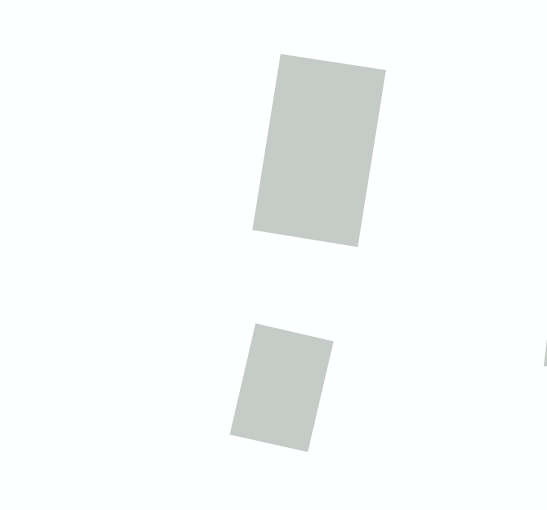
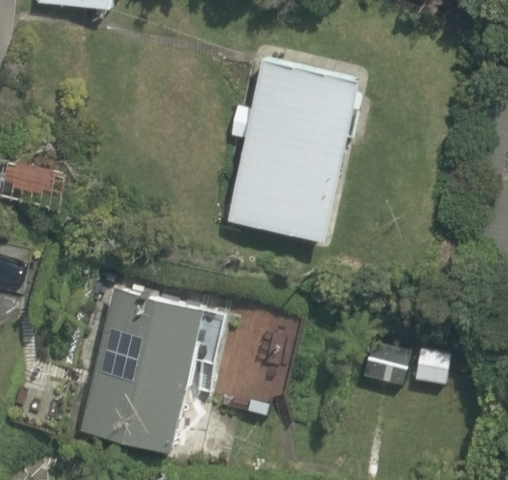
building: none -> [77,288,205,447]

